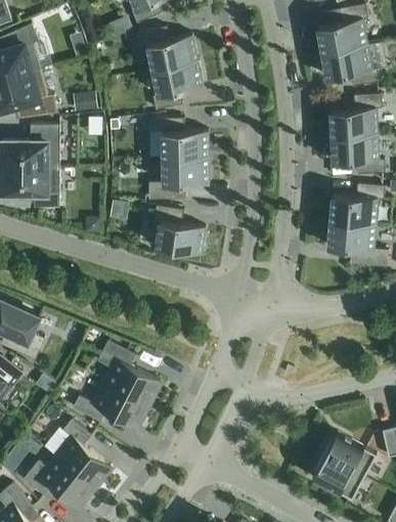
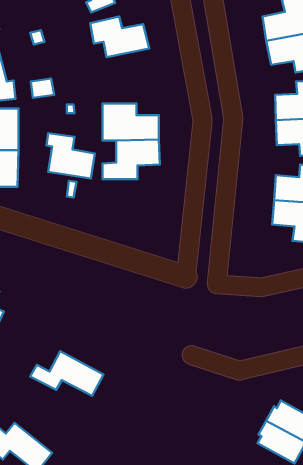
building: [151,60,202,110] -> none
building: [152,206,204,254] -> [46,133,95,178]
building: [95,340,161,405] -> none
building: [54,420,111,488] -> none

